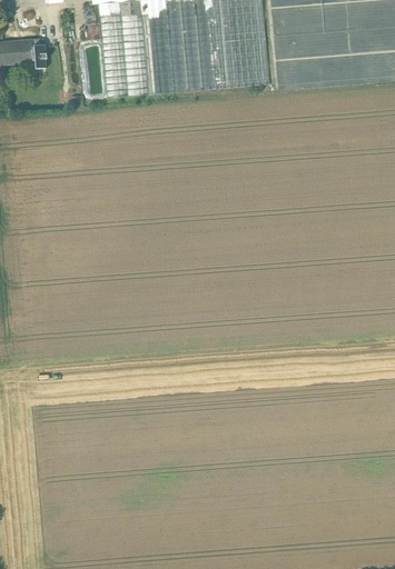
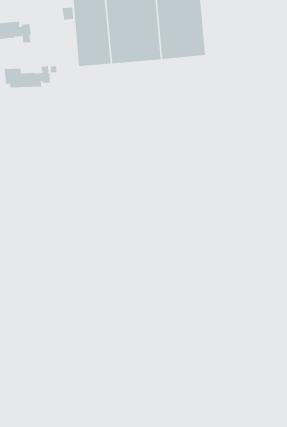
building: none -> [4,66,50,88]

